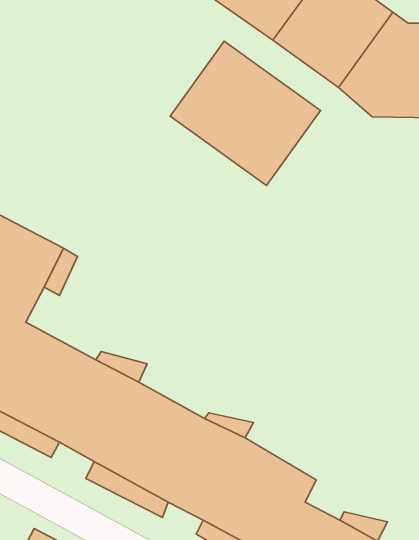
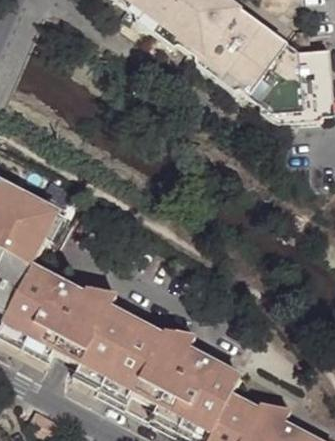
building: [170,41,321,186] -> none

